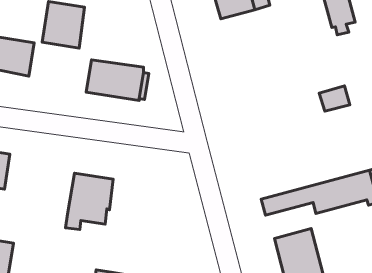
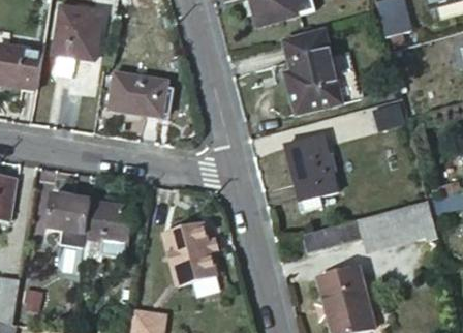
building: none -> [285,29,339,111]
building: none -> [287,131,337,196]
building: none -> [42,191,88,249]
building: none -> [165,226,214,285]

